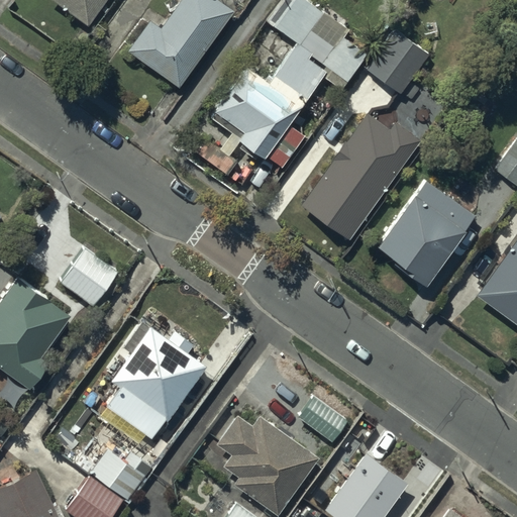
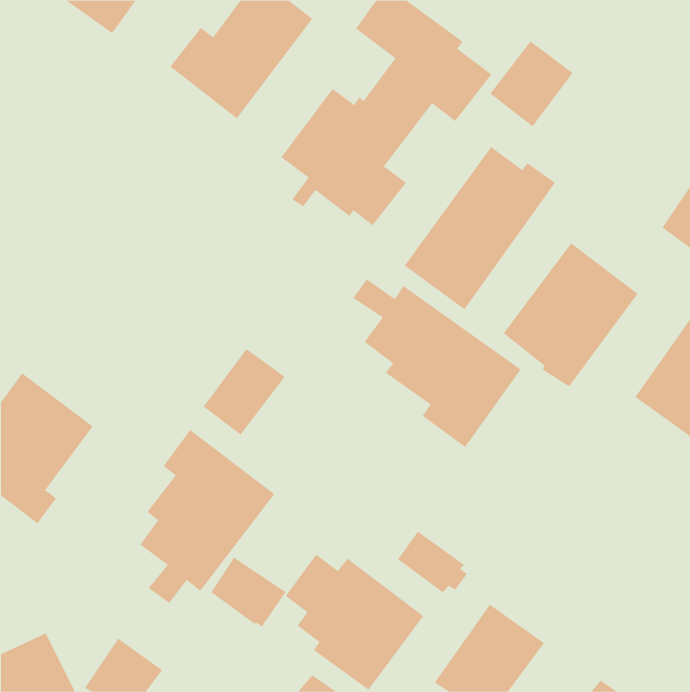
building: none -> [353,278,521,448]
building: [62,249,119,308] -> none
building: none -> [203,348,285,436]
building: [90,449,146,502] -> [211,557,286,627]

